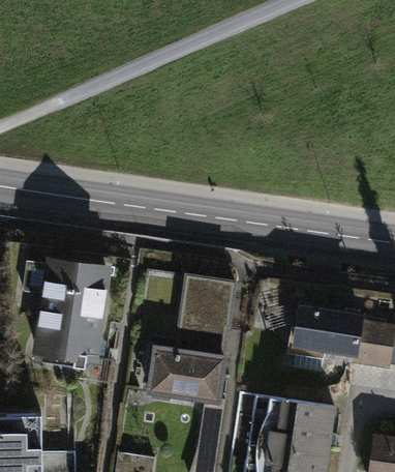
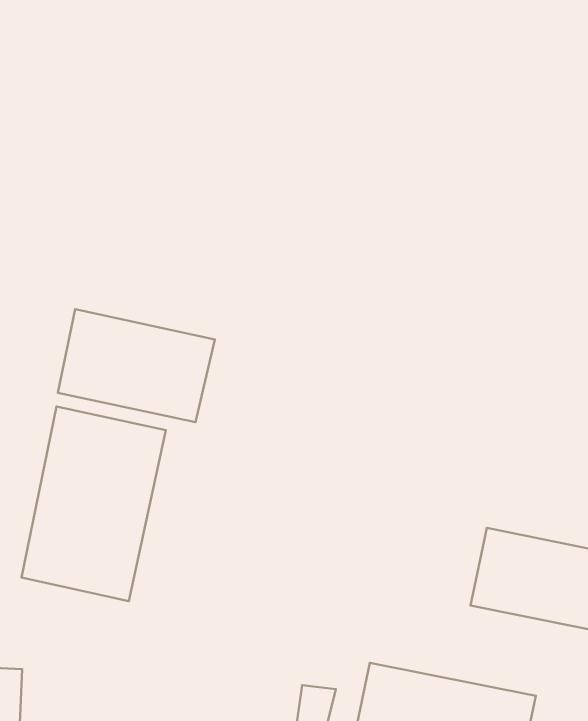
building: none -> [58,309,215,422]
building: [149,281,238,407] -> none

